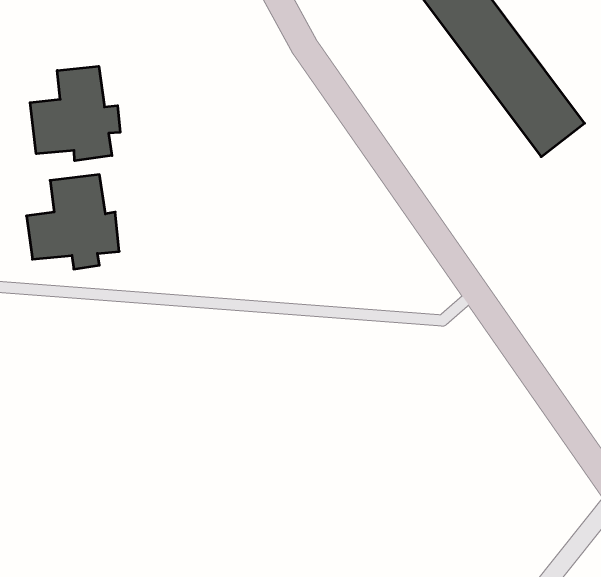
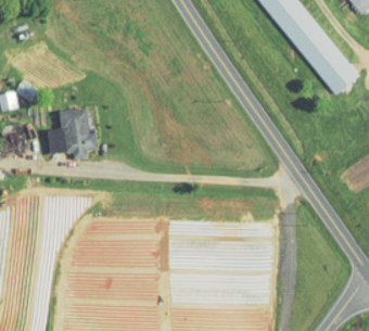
building: [30,66,120,161] -> none

